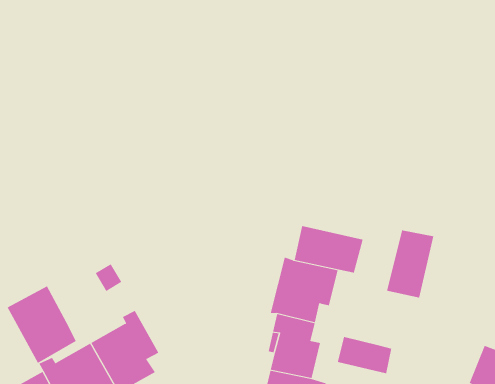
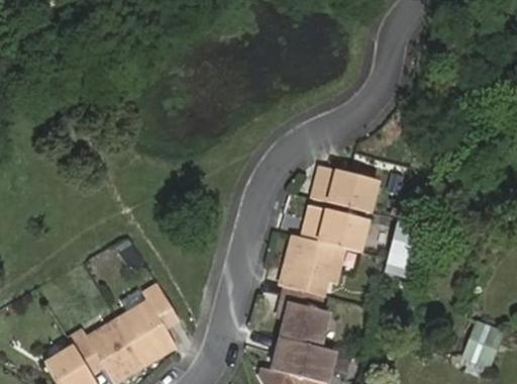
building: none -> [315,174,376,216]
building: [7,286,77,364] -> none
building: [337,336,392,374] -> none

